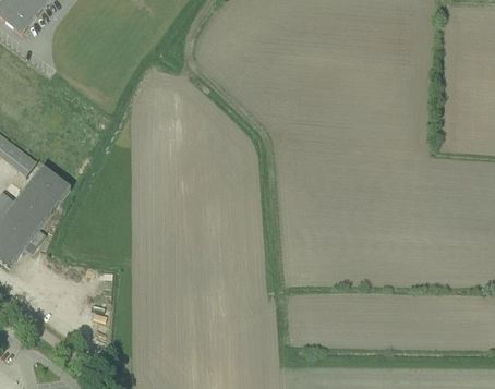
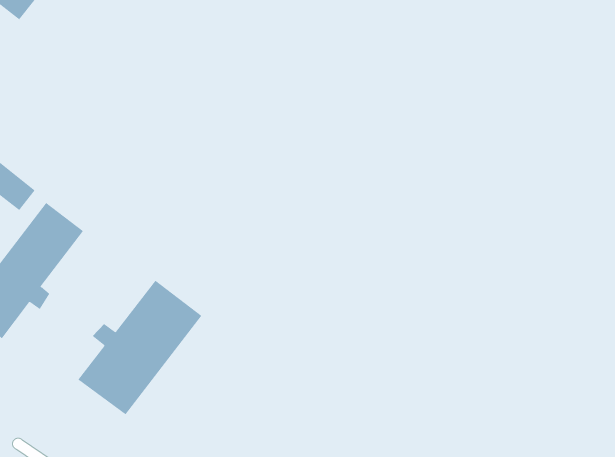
building: none -> [77,280,202,415]

